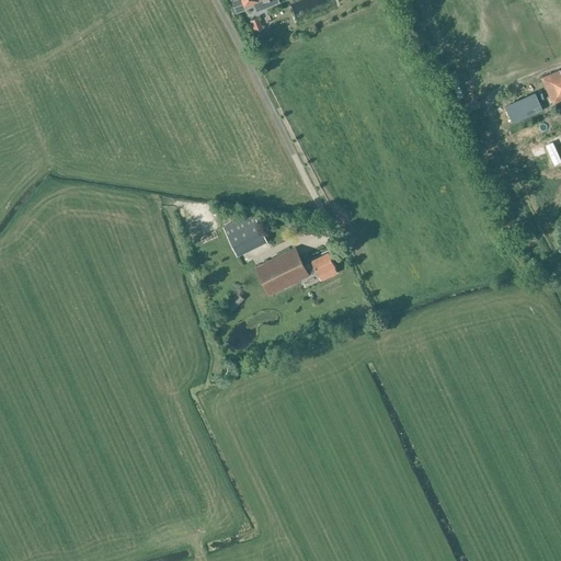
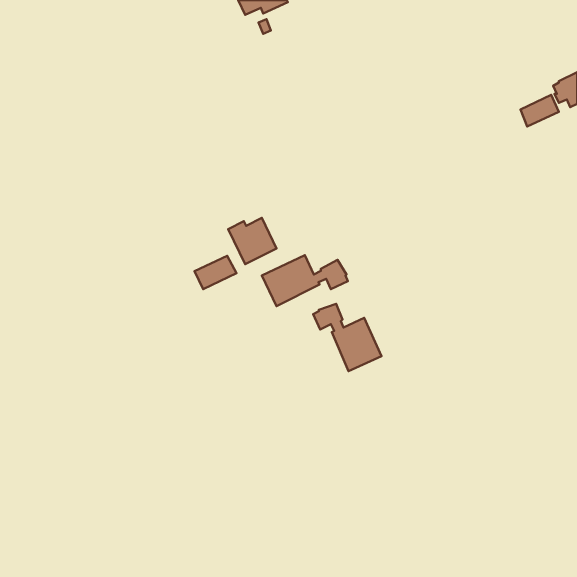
building: none -> [194,256,236,289]
building: none -> [313,304,382,371]

